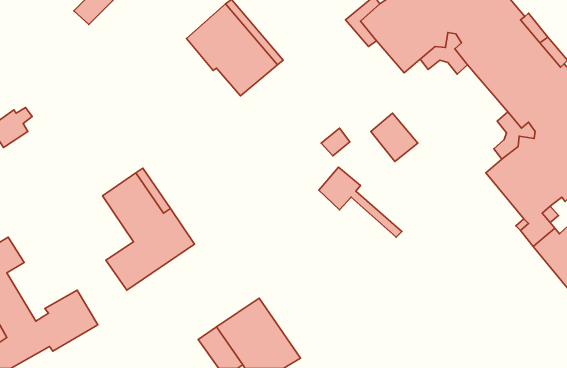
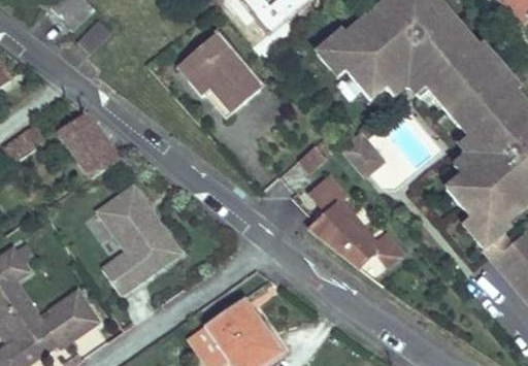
building: none -> [59,110,118,176]
building: none -> [306,207,399,267]

